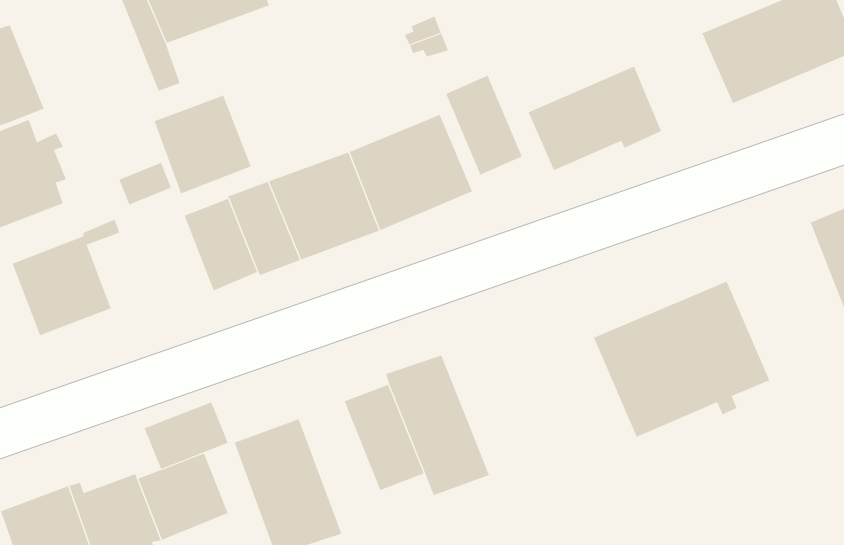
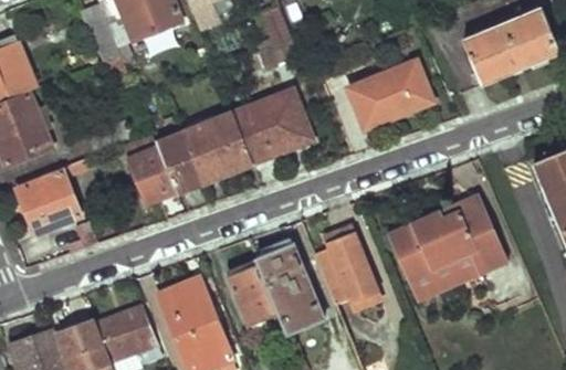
building: [445,75,523,176] -> none
building: [154,95,252,194] -> none
building: none -> [315,224,381,308]
building: [144,401,228,470] -> none

